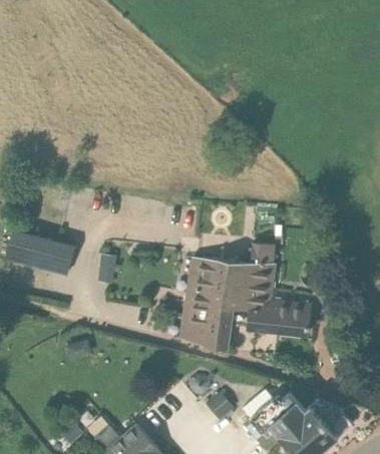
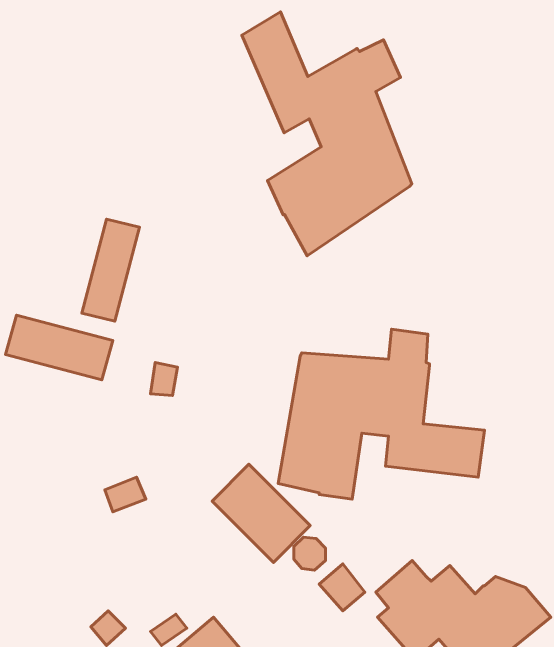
building: none -> [242,12,412,256]
building: none -> [82,219,139,321]
building: none -> [212,464,310,563]

